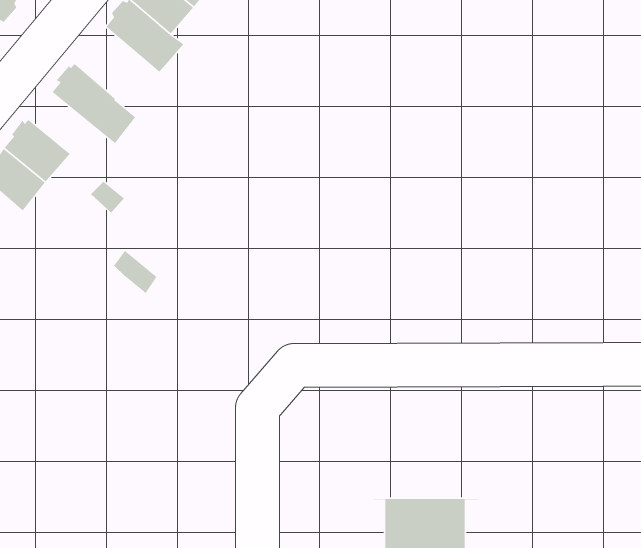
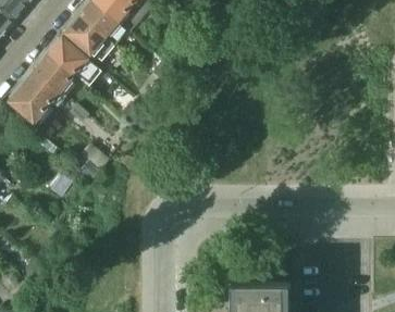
building: none -> [65,17,109,59]
building: none -> [35,54,72,89]

